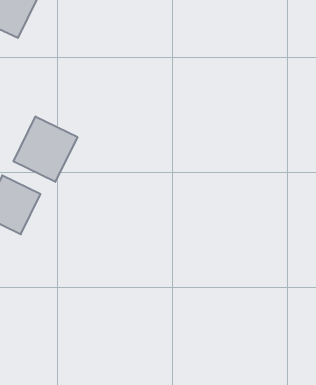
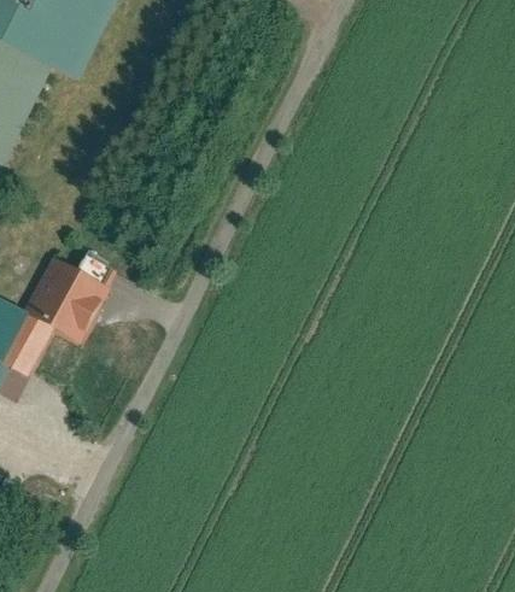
building: [14,116,77,182] -> none

